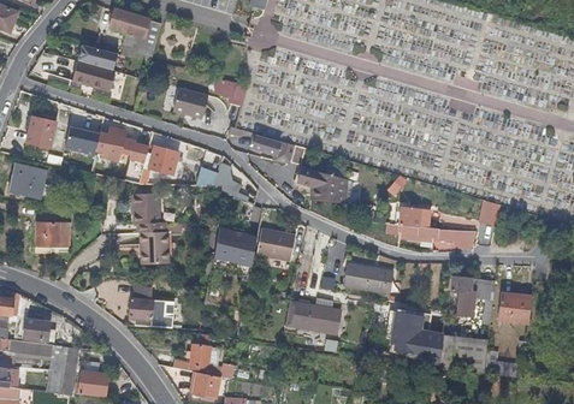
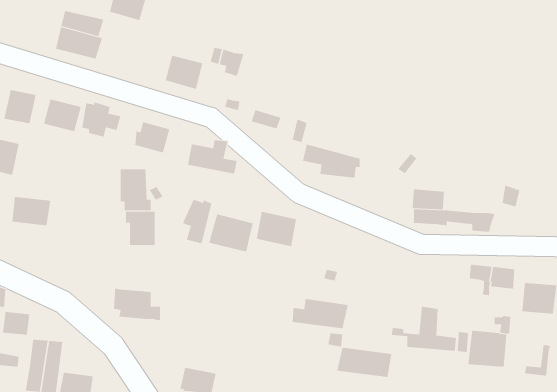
building: [124,141,149,182] -> none
building: none -> [182,199,212,244]
building: [343,263,393,291] -> [337,347,392,378]
building: [173,343,236,378] -> none

